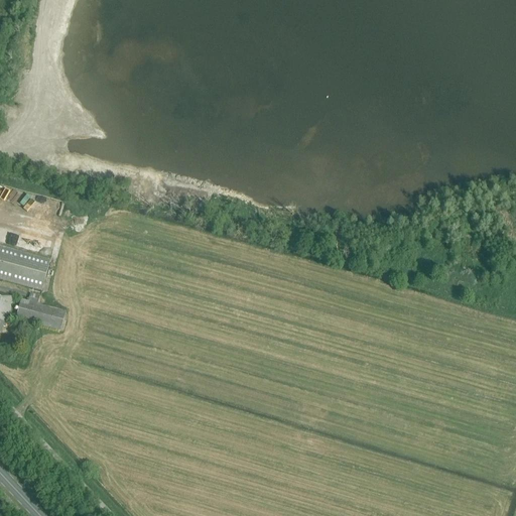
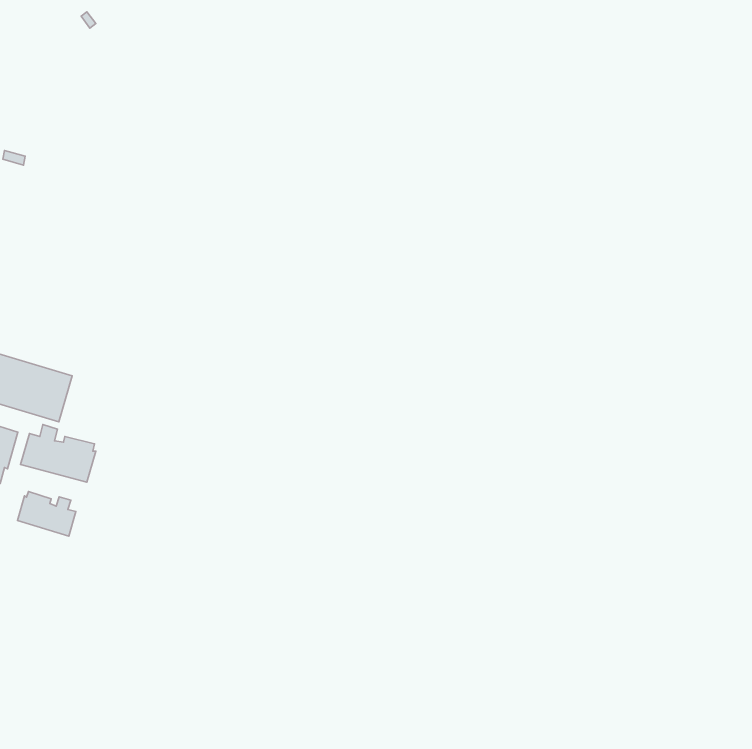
building: none -> [18,492,76,536]

